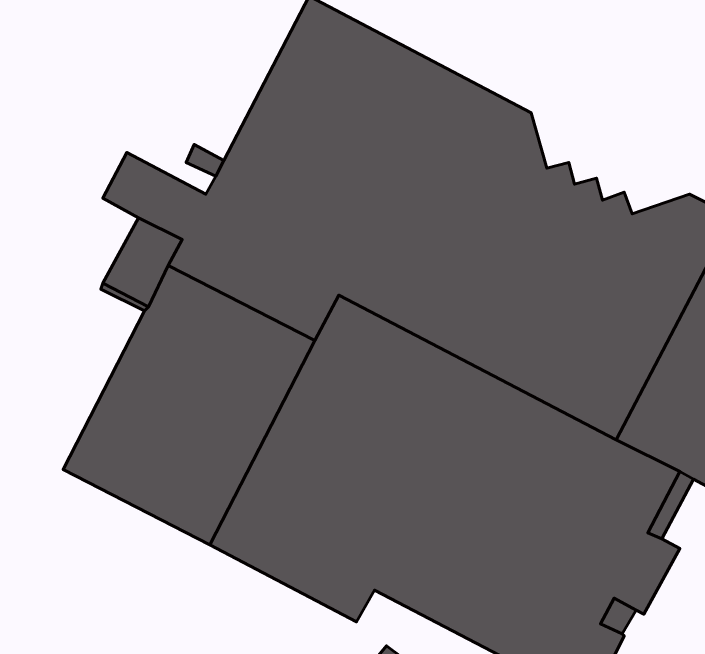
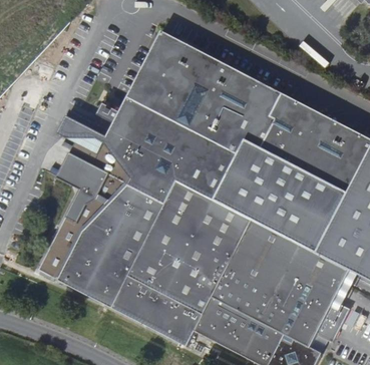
building: none -> [276,89,356,140]

